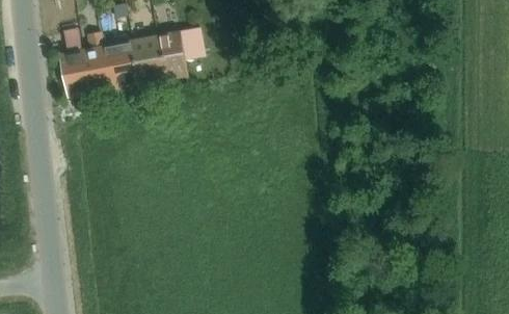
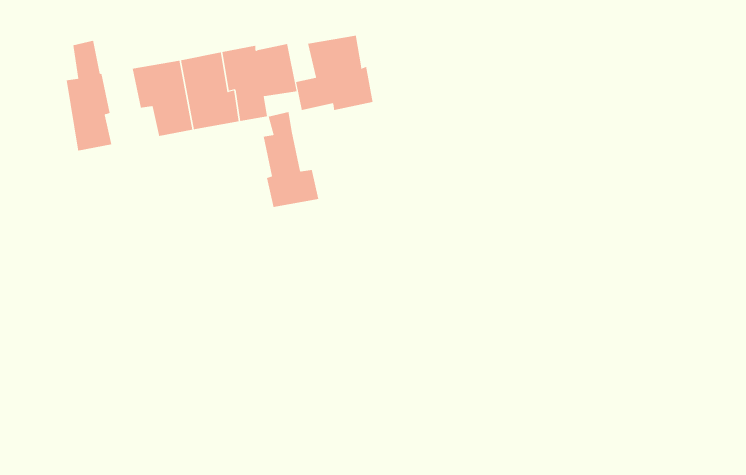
building: none -> [296,35,373,111]
building: [83,32,118,93] -> [263,112,319,208]

